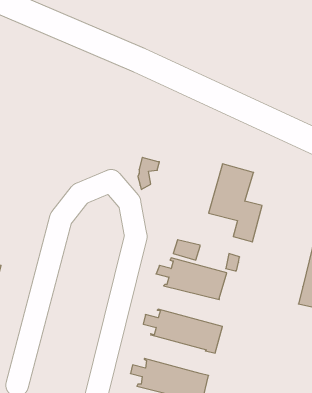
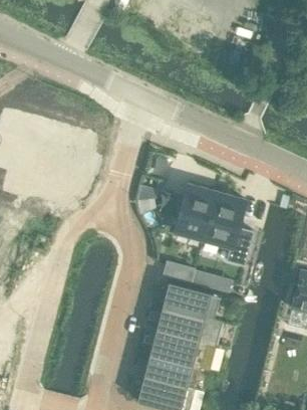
building: none -> [174,184,216,238]
building: none -> [147,306,222,345]
building: none -> [135,353,201,389]

